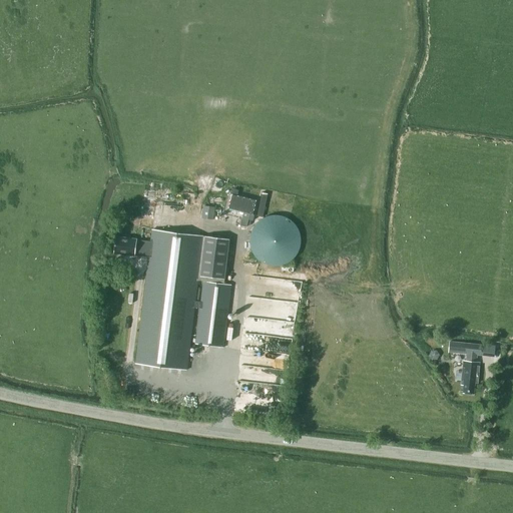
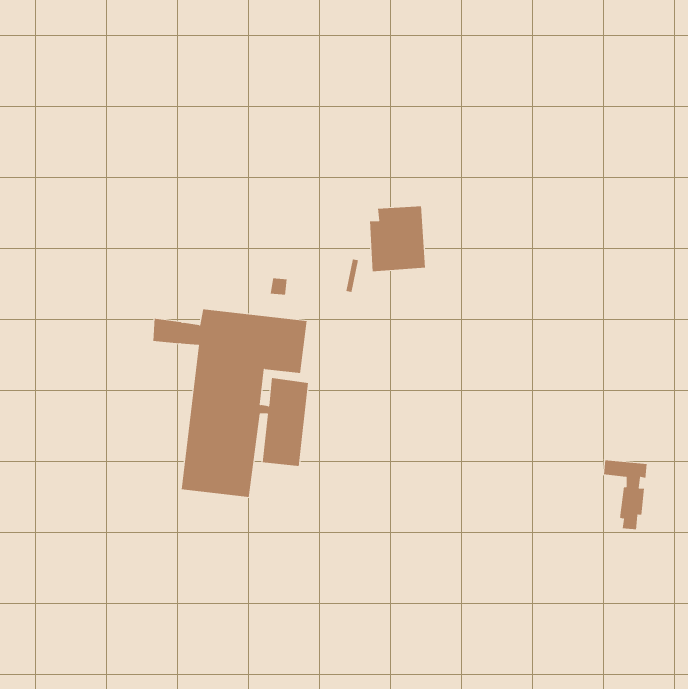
building: [227,194,255,226] -> none
building: [258,215,300,265] -> [369,206,426,272]

